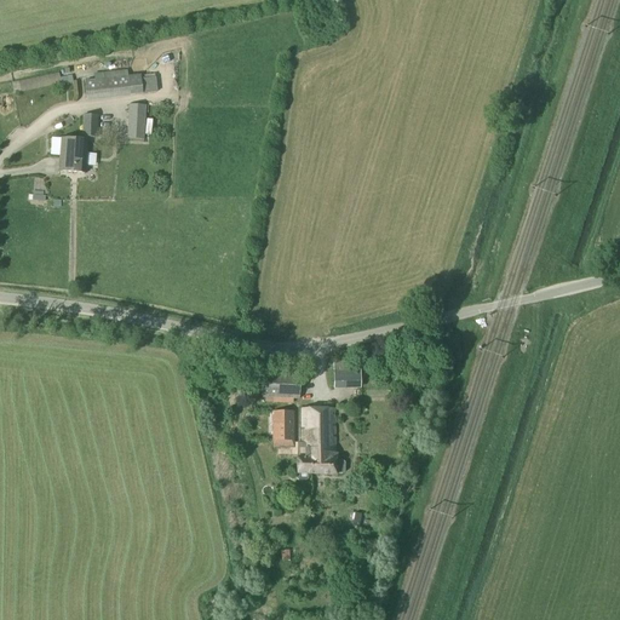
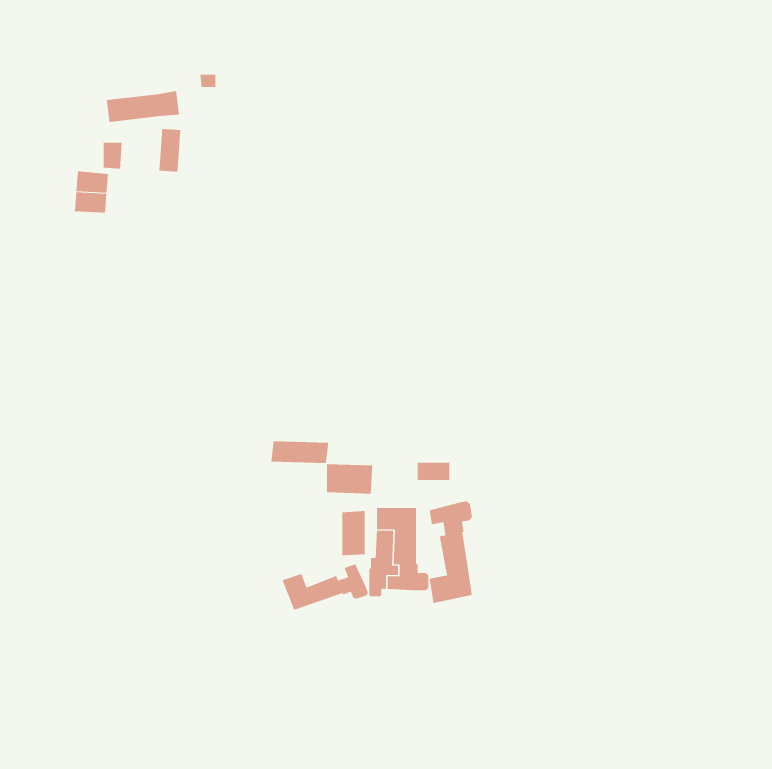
building: none -> [271,441,329,464]
building: none -> [429,500,472,604]
building: none -> [282,564,369,611]

